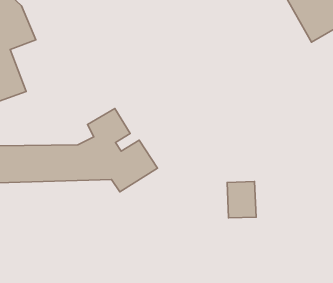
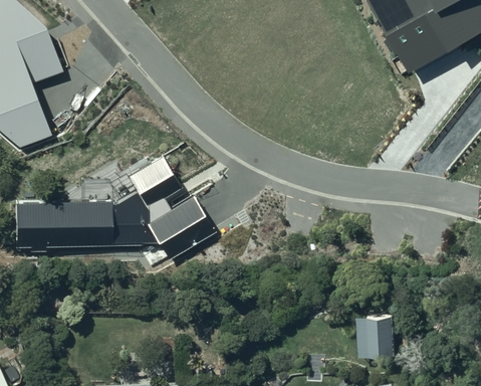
building: [227,182,256,218] -> [354,313,391,358]

